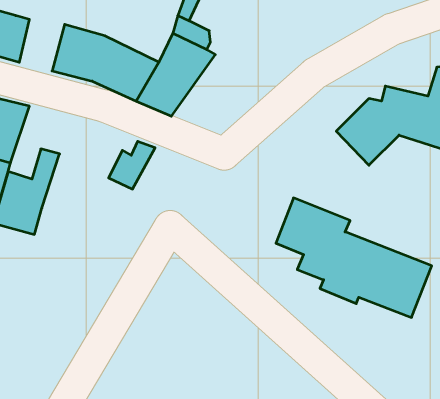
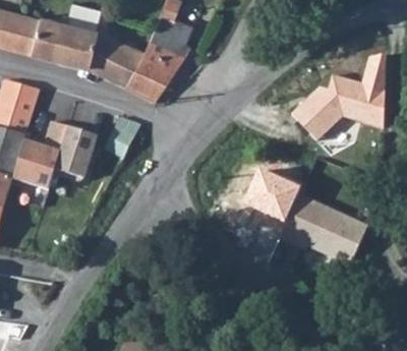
building: none -> [32,16,69,62]
building: none -> [50,129,93,182]

